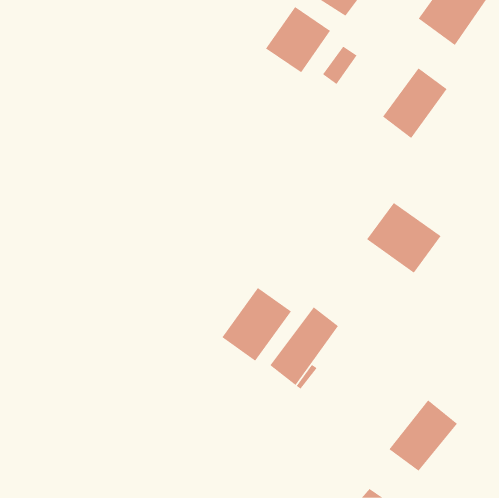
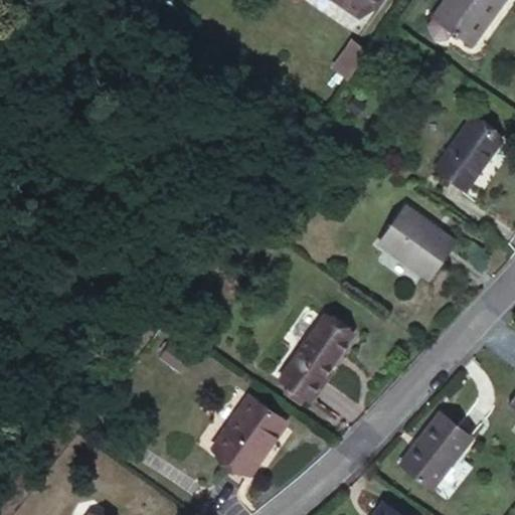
building: [265,6,331,73] -> none
building: [382,68,448,139] -> [434,120,501,193]
building: [221,287,292,361] -> [213,398,286,475]

